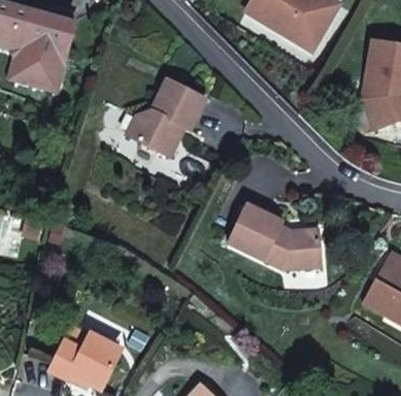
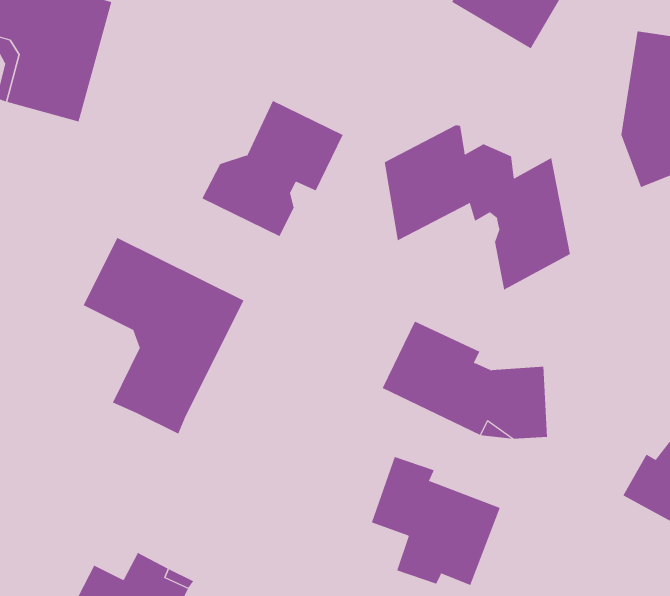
building: none -> [384,124,570,290]
building: none -> [83,237,244,435]
building: none -> [371,456,500,586]

